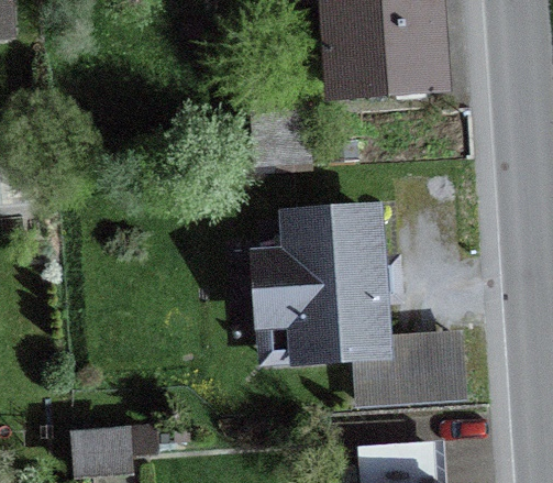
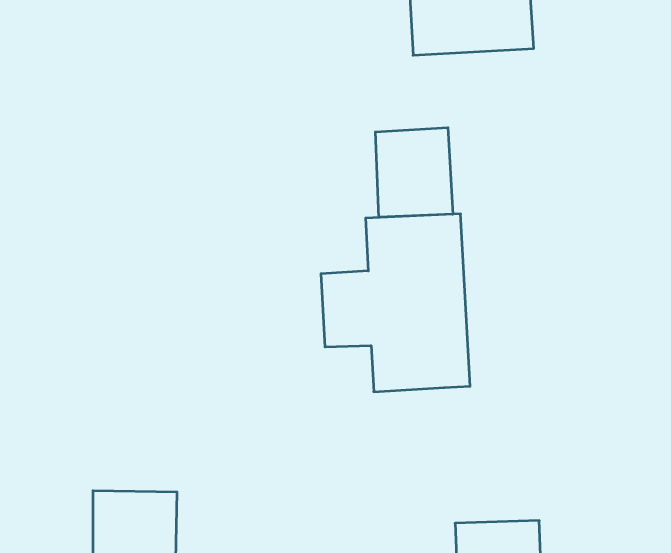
building: none -> [375,128,453,217]
building: [362,340,458,395] -> none

